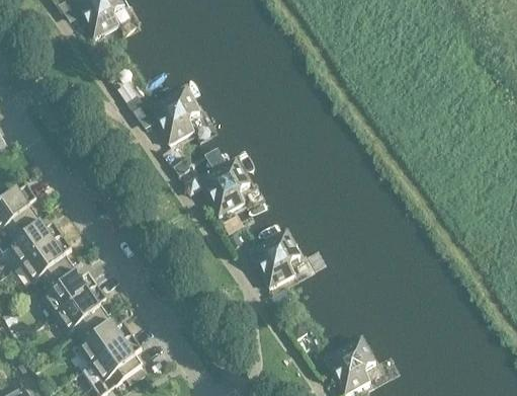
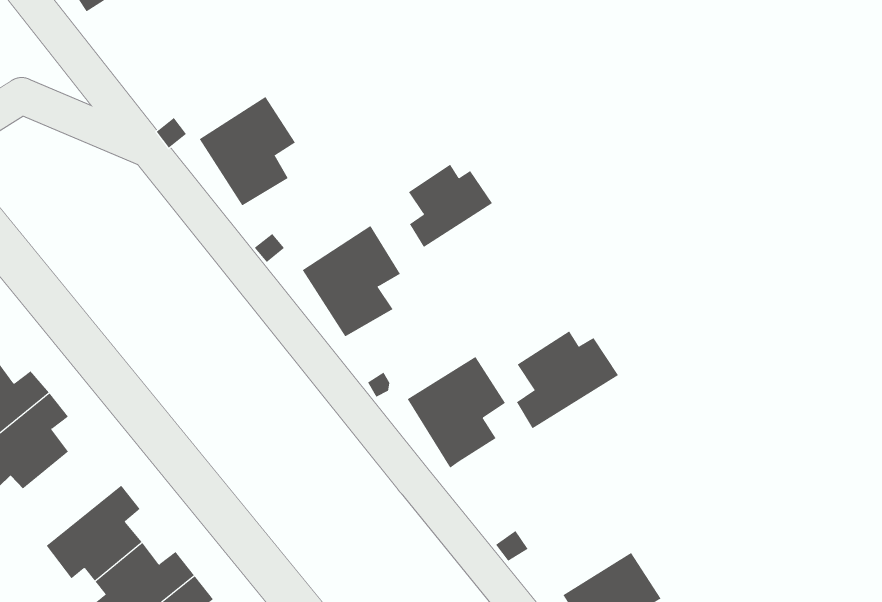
building: none -> [408,164,493,248]
building: none -> [516,330,619,429]
building: [44,267,97,316] -> none

